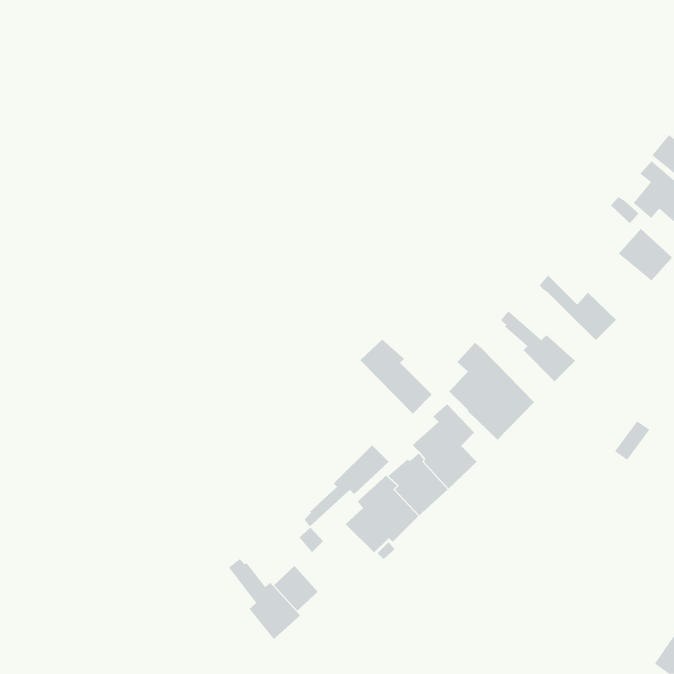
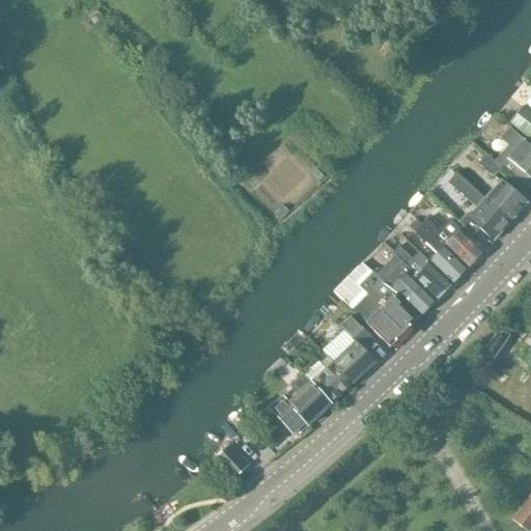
building: none -> [447,172,512,239]
building: none -> [417,223,469,282]
building: [360,339,433,414] -> [380,255,437,314]
building: [304,445,389,527] -> none
building: [228,558,301,640] -> none

